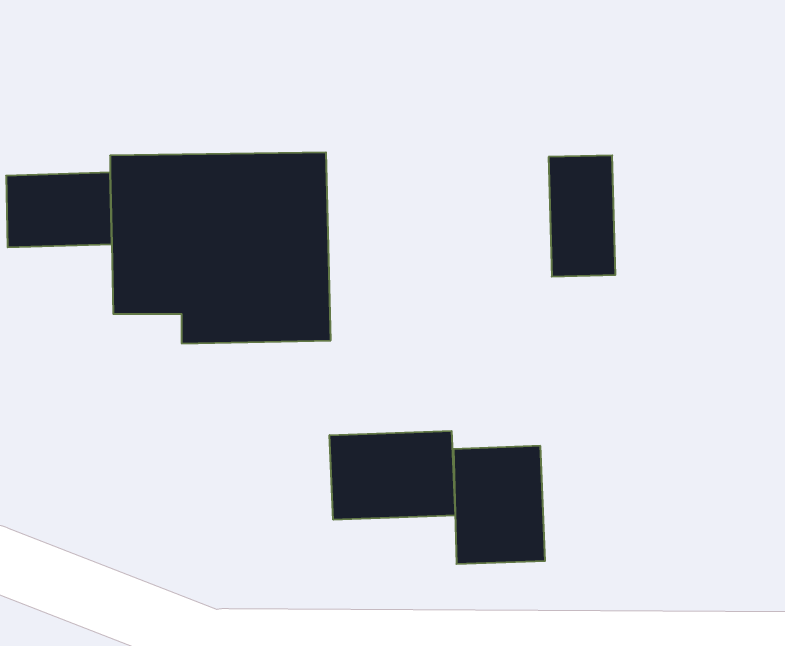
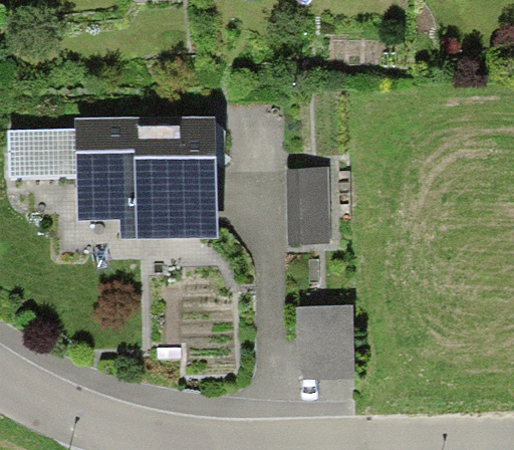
building: [549,155,615,277] -> [287,167,330,245]
building: [330,431,455,520] -> none

